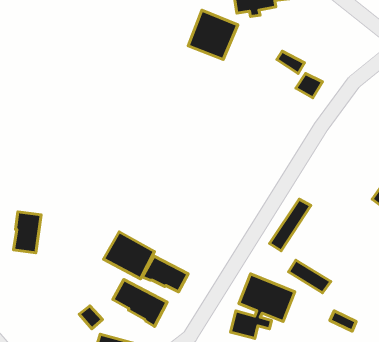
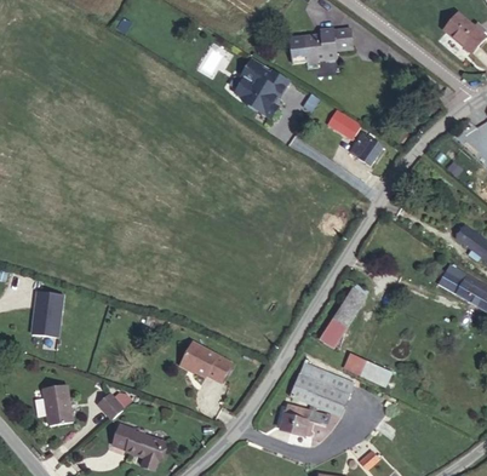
building: [103,232,155,279] -> none
building: [113,279,167,327] -> none
building: none -> [48,391,79,432]

